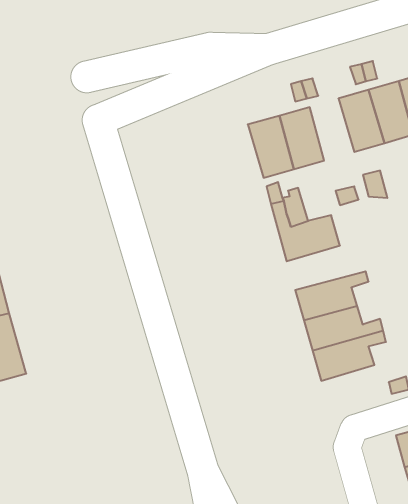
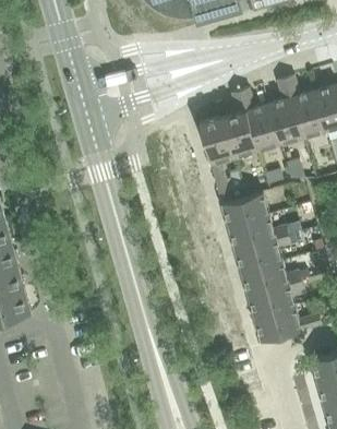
building: none -> [244,104,278,151]
building: none -> [227,215,287,249]
building: none -> [253,306,300,341]

